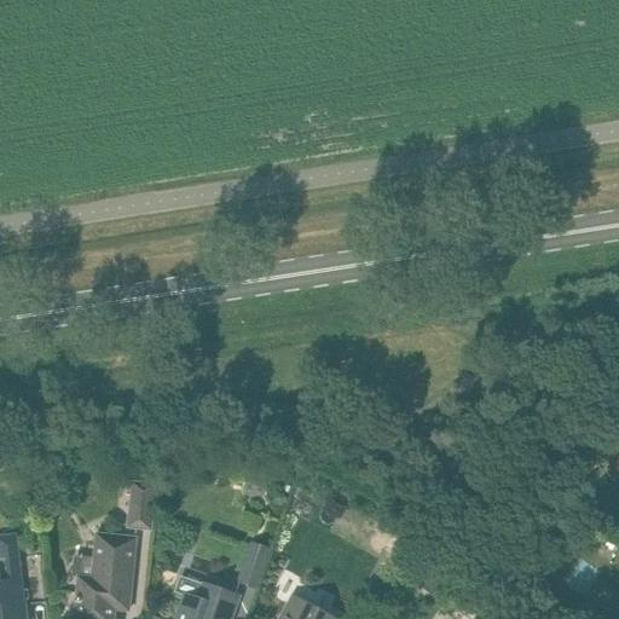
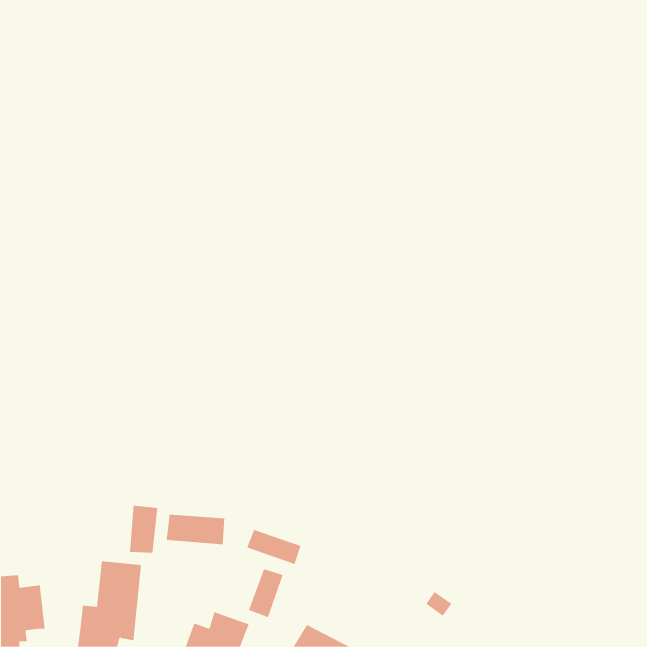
building: none -> [166,514,225,545]
building: none -> [246,529,301,565]

